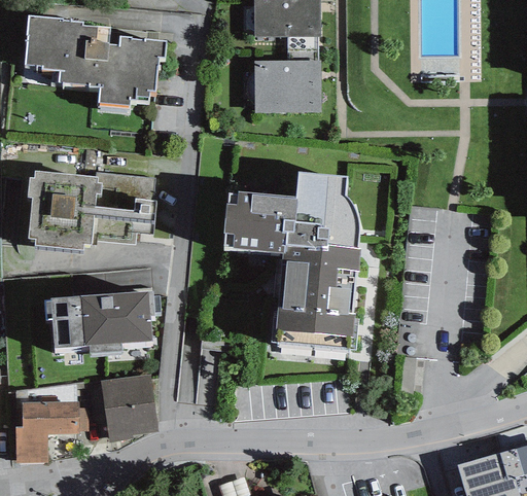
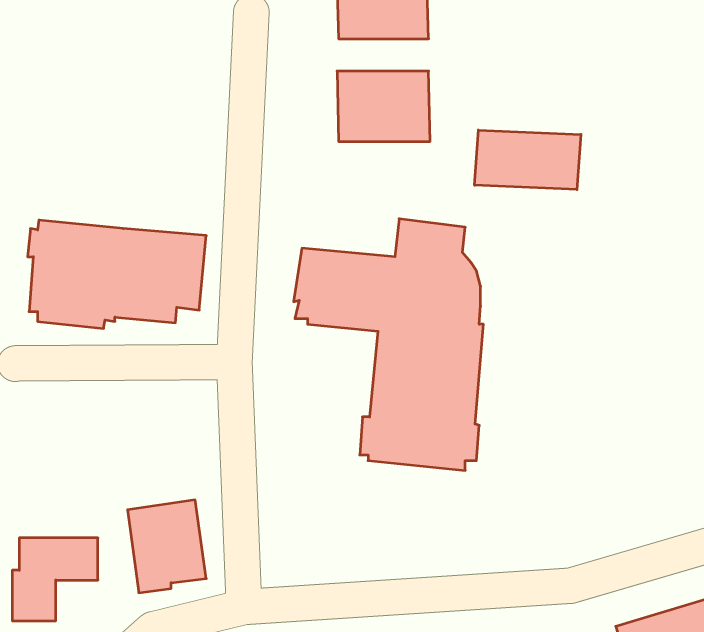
building: [24,13,166,108] -> none
building: none -> [475,130,581,190]
building: [43,289,151,353] -> none

